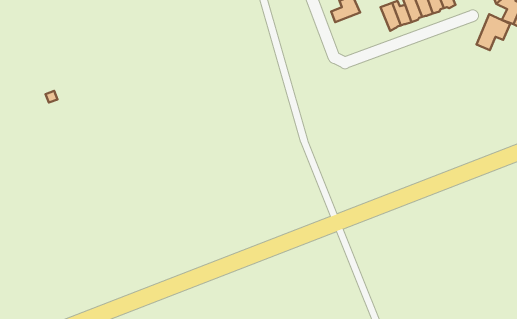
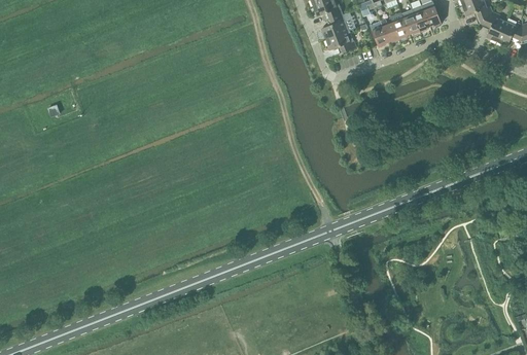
building: none -> [326,29,356,51]
building: [477,14,510,50] -> none

